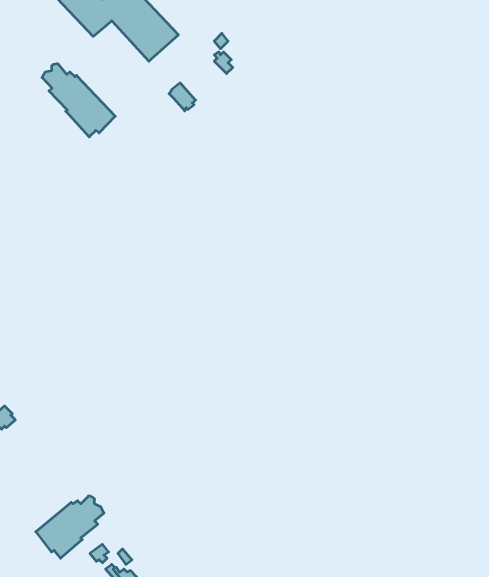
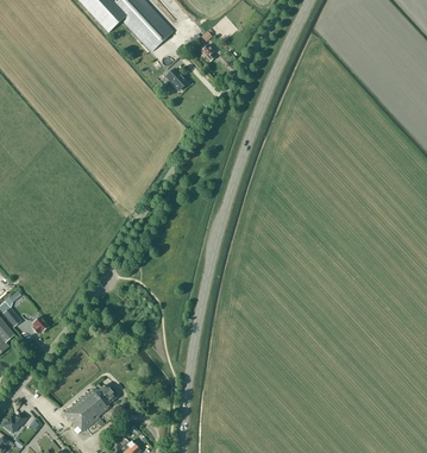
building: [42,64,115,137] -> none

